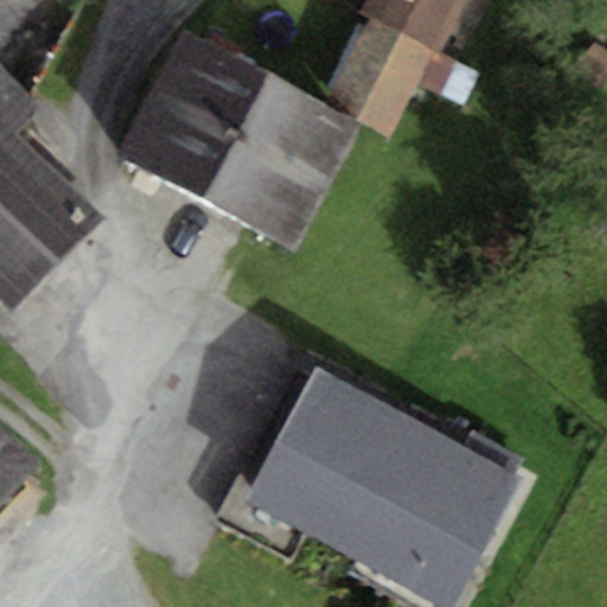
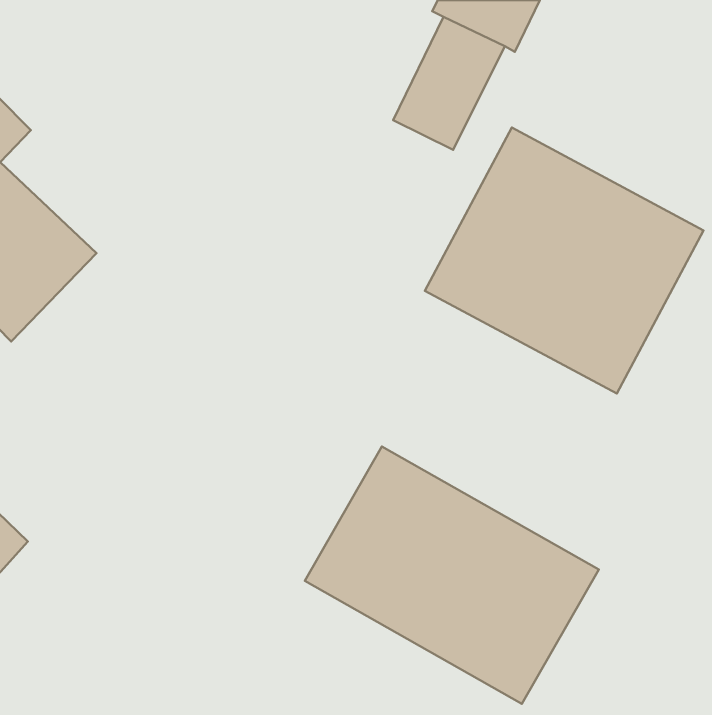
building: [124,37,349,236] -> none
building: none -> [425,128,704,394]

